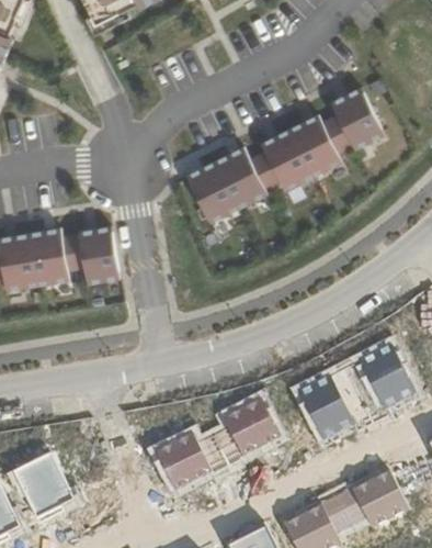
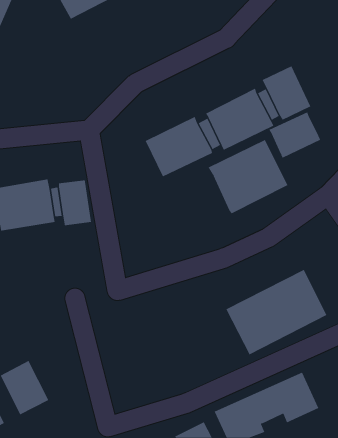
building: none -> [269,112,321,159]
building: none -> [208,139,288,214]
building: [150,394,281,490] -> none

